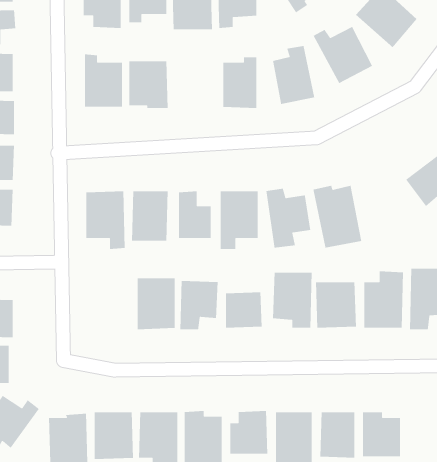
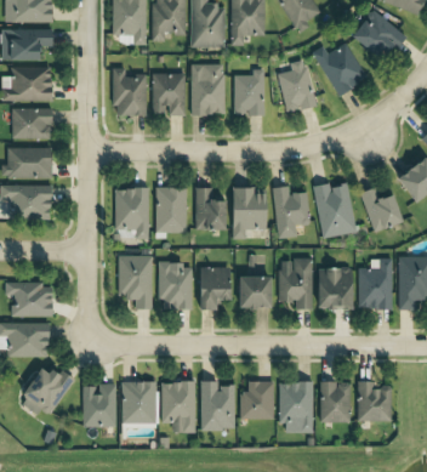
building: none -> [190,64,224,115]
building: none -> [360,188,403,232]
building: none -> [118,256,153,311]

